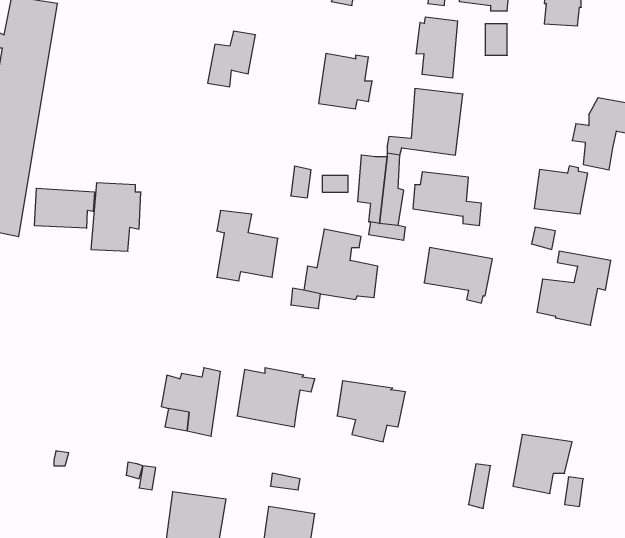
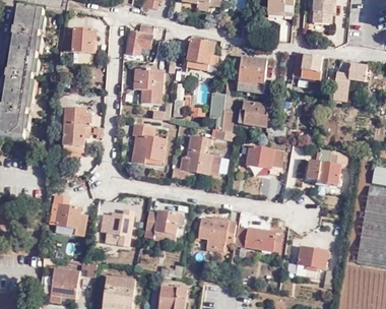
building: [416,17,458,78] -> none
building: none -> [62,29,95,51]
building: none -> [131,68,158,105]
building: [534,166,588,214] -> [292,54,321,80]
building: [35,188,94,228] -> none
building: none -> [52,195,85,238]
building: none -> [237,228,281,251]
building: none -> [50,268,78,298]

